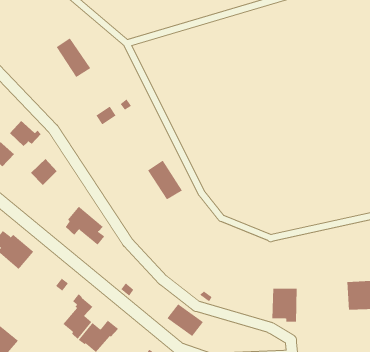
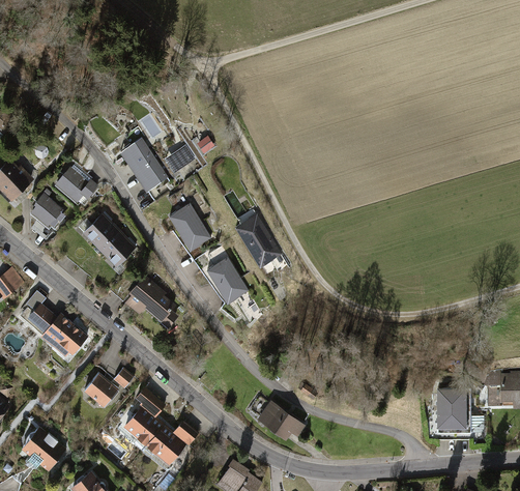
building: [56,38,91,78] -> [122,141,168,193]
building: none -> [166,202,209,251]
building: none -> [99,231,135,266]
building: none -> [204,257,247,305]
building: none -> [84,371,118,405]
building: [272,288,297,322] -> [437,388,470,432]

